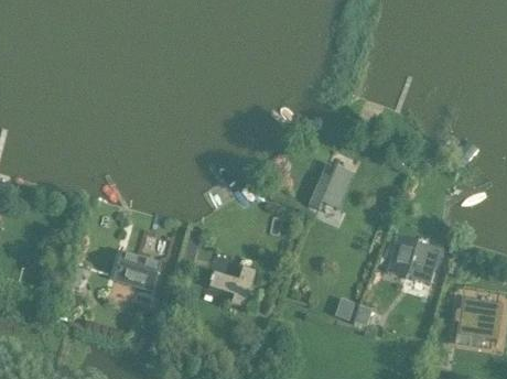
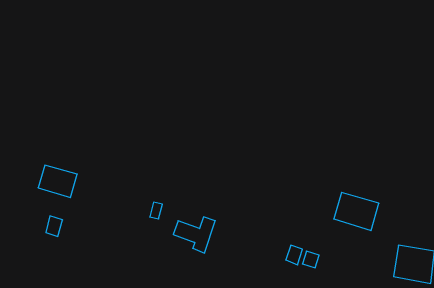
building: [308,164,353,207] -> none
building: [116,252,160,289] -> [38,165,77,198]

